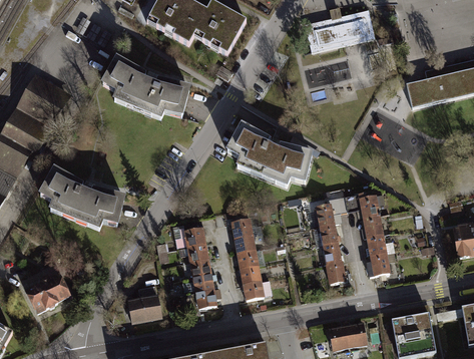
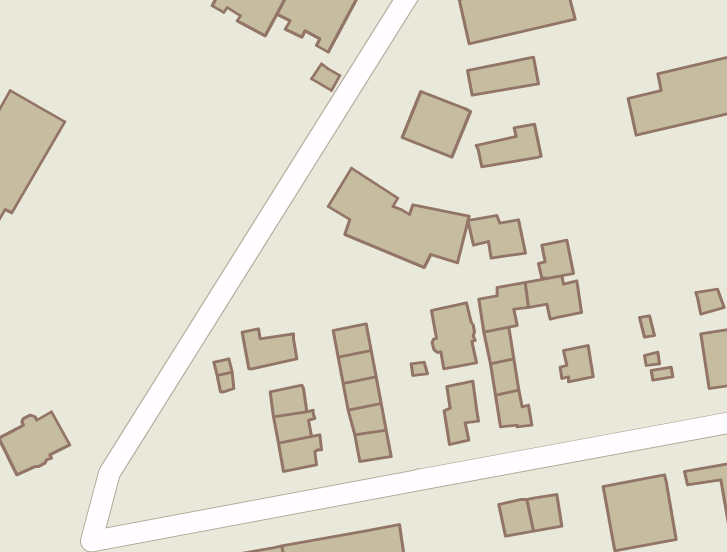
building: [102,58,189,117] -> none
building: none -> [402,92,471,157]
building: none -> [476,124,541,167]
building: none -> [468,215,525,258]
building: [40,166,128,231] -> none
building: none -> [431,303,476,369]
building: [363,213,384,236] -> [539,240,573,278]
building: [180,241,210,261] -> none
building: [369,252,391,275] -> none
building: none -> [444,381,478,445]
building: [127,283,164,324] -> none

